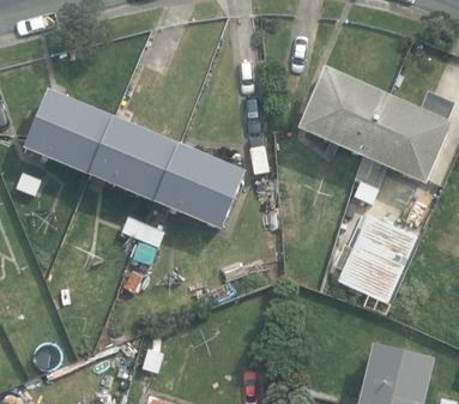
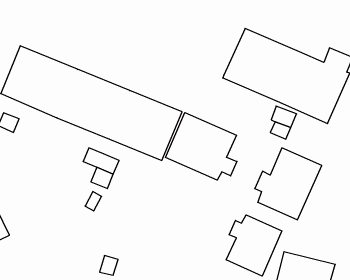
building: none -> [166,113,237,180]
building: none -> [226,215,282,276]

